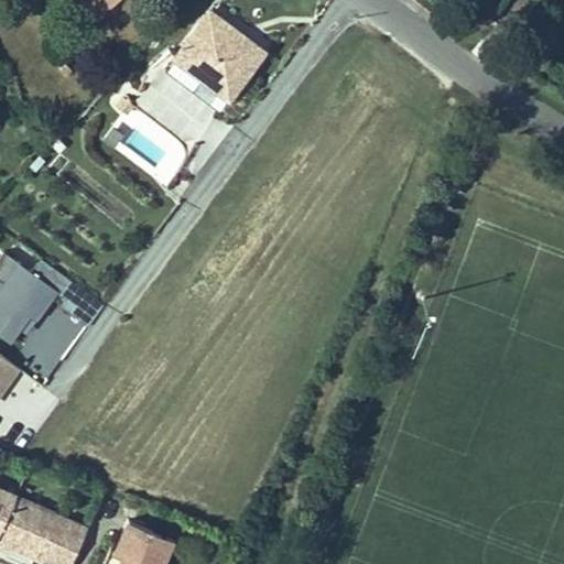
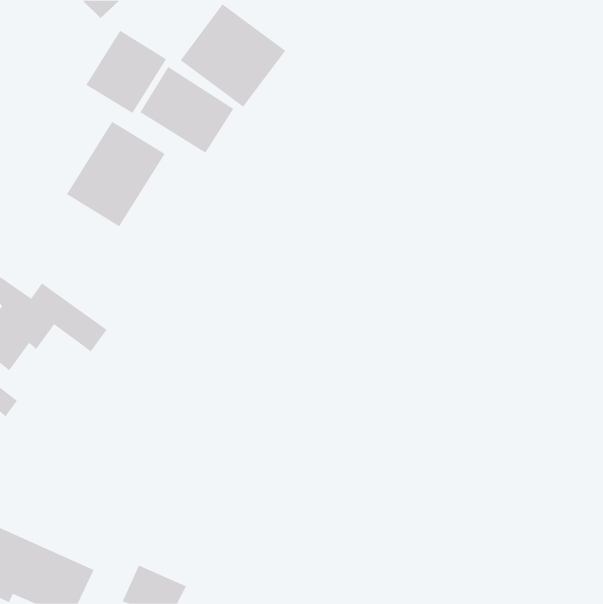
building: none -> [86,30,167,114]
building: none -> [66,121,165,227]

